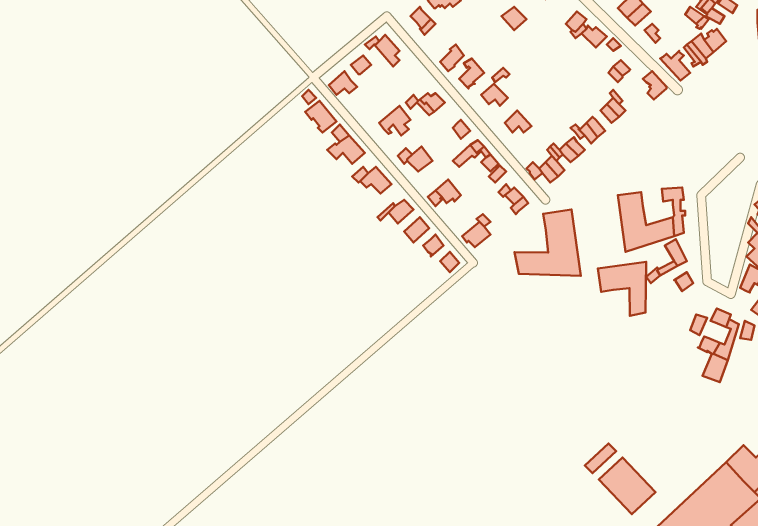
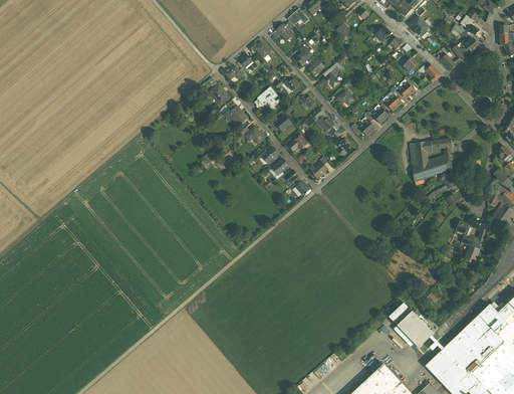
building: [514,210,581,276] -> none
building: [598,262,646,316] -> none

